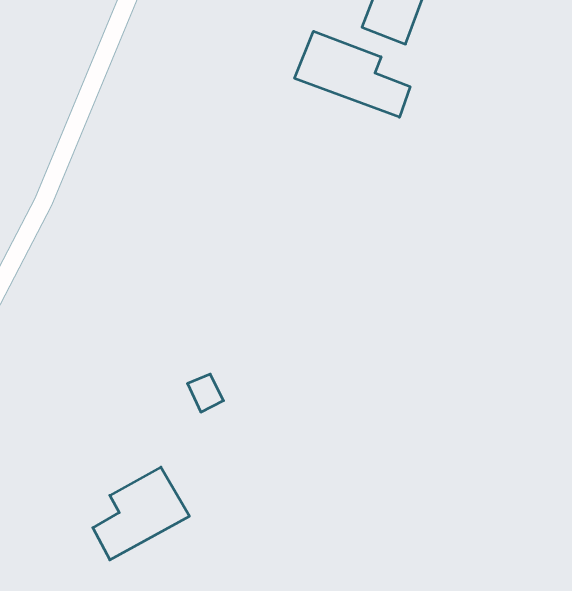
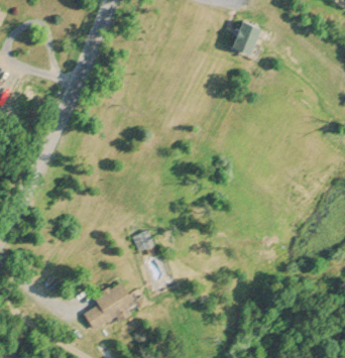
building: [295,31,410,117] -> none

